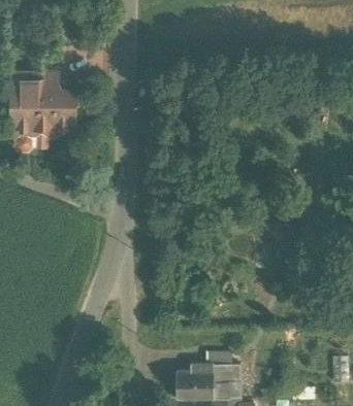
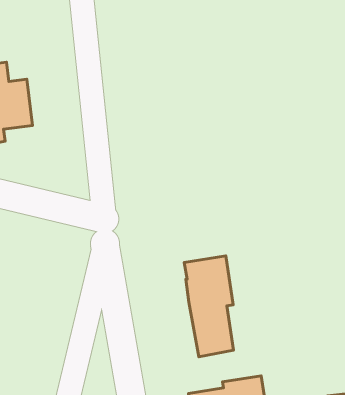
building: none -> [184,256,233,357]

